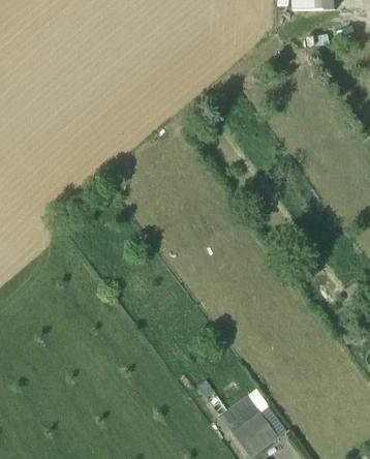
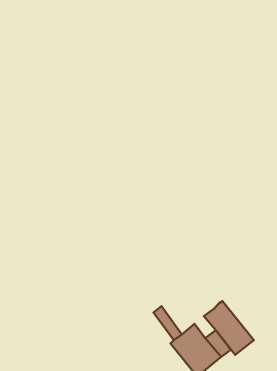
building: none -> [204,301,254,355]

